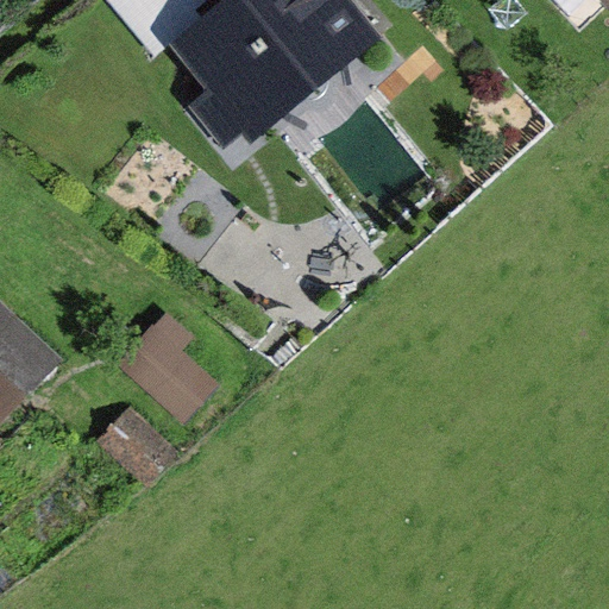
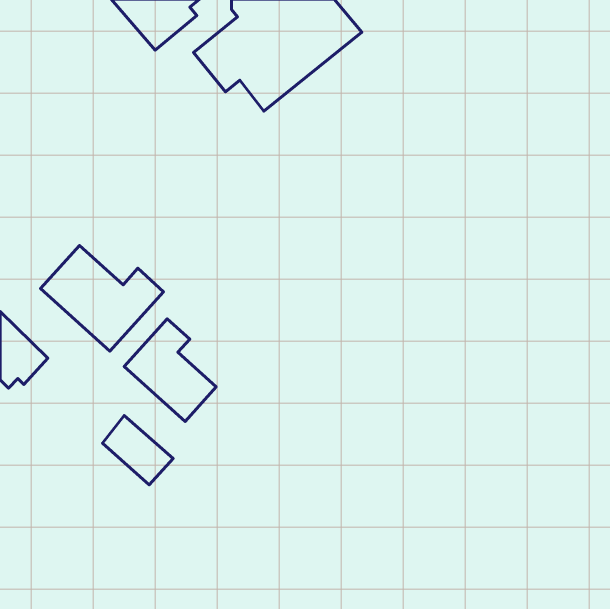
building: none -> [40,246,164,351]

